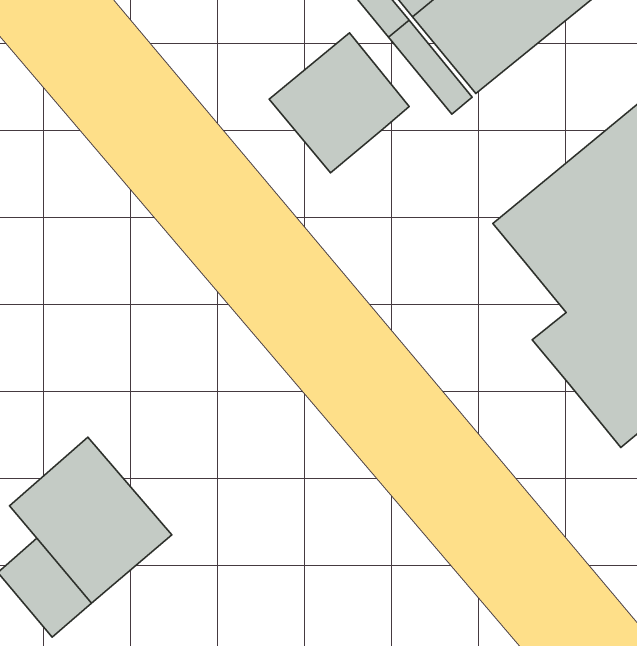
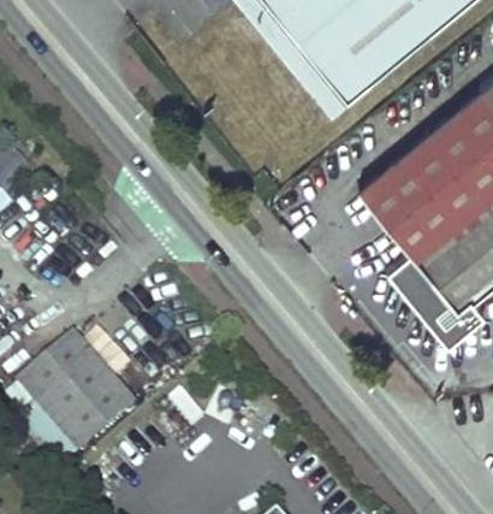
building: [269,33,409,173] -> none

